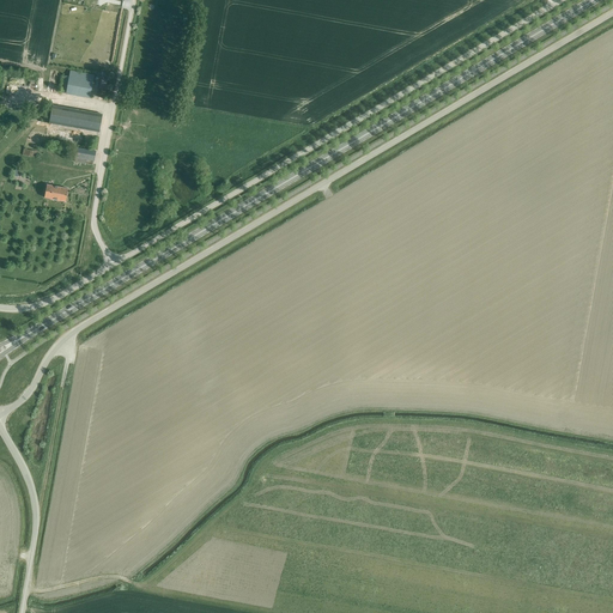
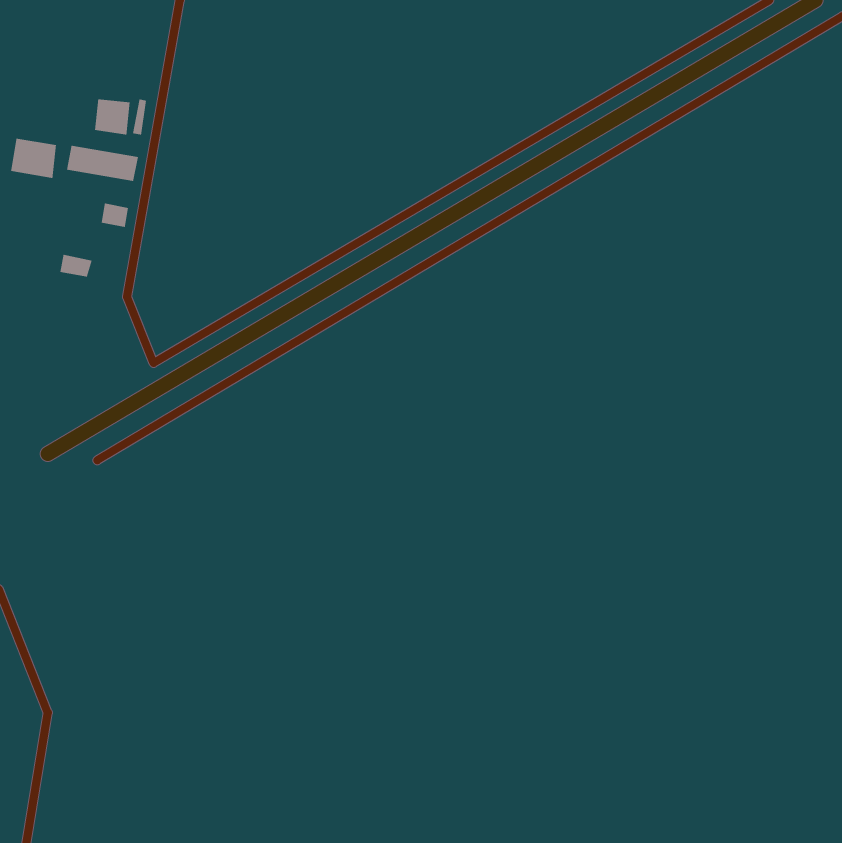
building: none -> [11,138,56,179]

